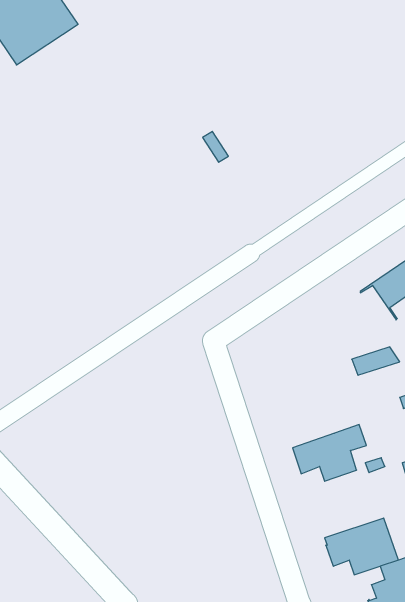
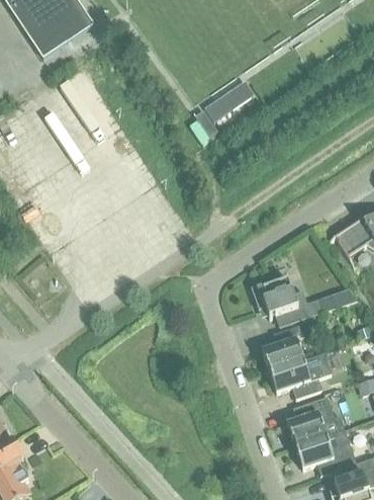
building: none -> [205,82,254,122]
building: none -> [251,278,307,318]
building: none -> [262,324,303,371]
building: none -> [286,397,344,445]

